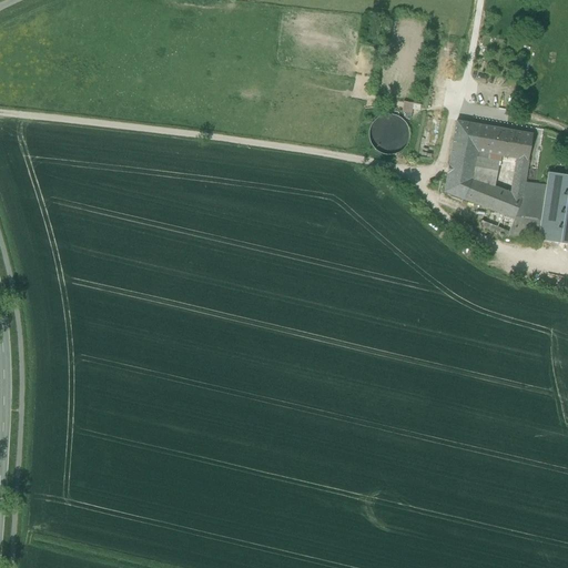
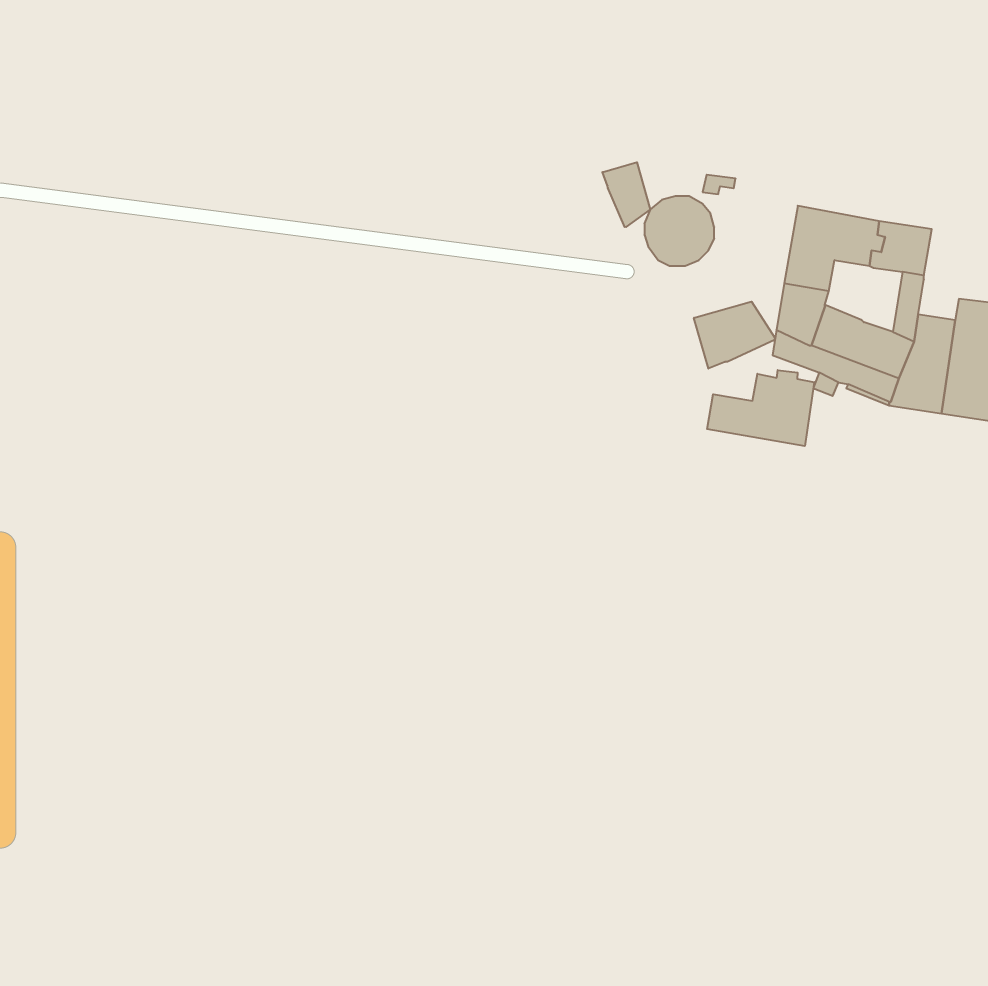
building: none -> [602,162,650,227]
building: [474,149,501,184] -> none
building: none -> [694,302,775,369]
building: none -> [707,370,814,446]

